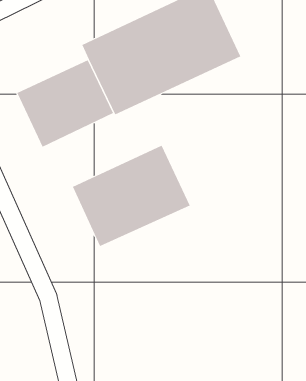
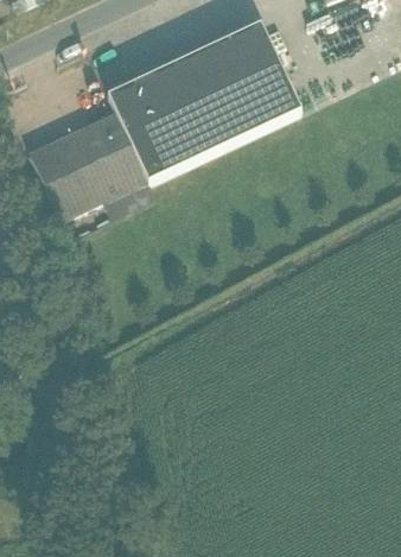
building: [72,145,190,247] -> none

